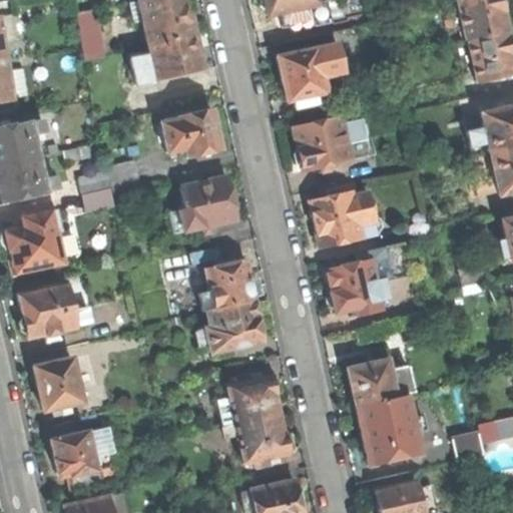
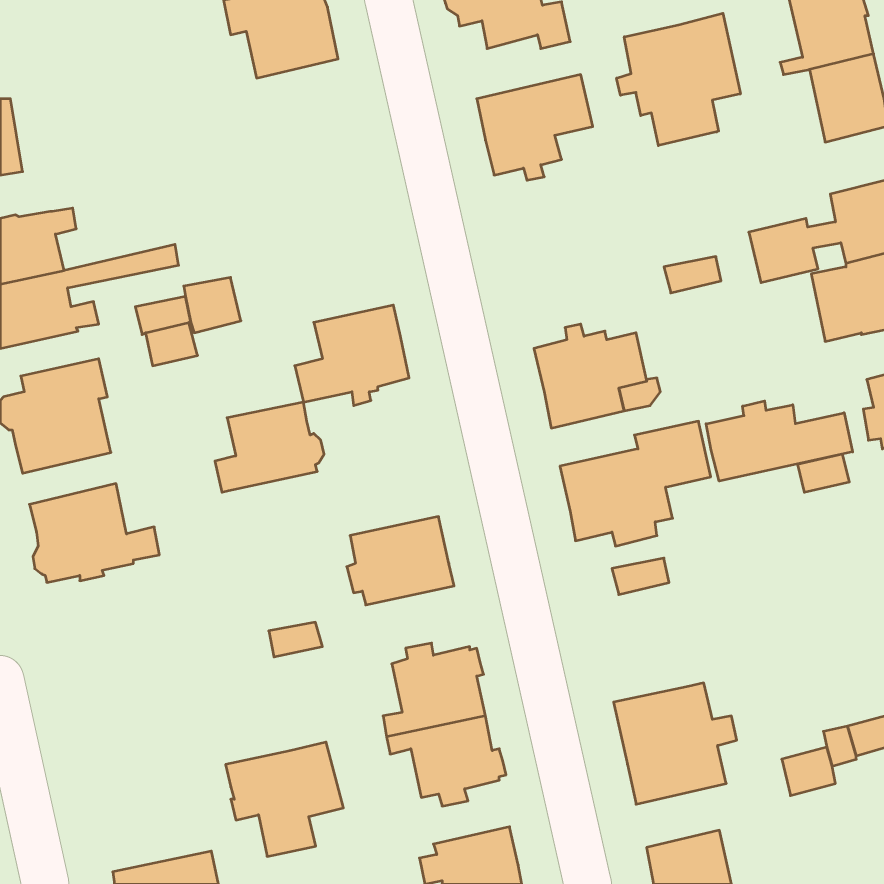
building: none -> [617,13,740,146]
building: [78,8,106,59] -> none
building: [130,34,204,83] -> none
building: [161,107,221,156] -> none
building: [294,117,361,172] -> none
building: none -> [706,401,853,481]
building: [195,259,259,311] -> [215,402,324,492]
building: [34,357,83,413] -> none
building: [347,360,415,406] -> none
building: [52,426,120,492] -> [226,742,343,856]

